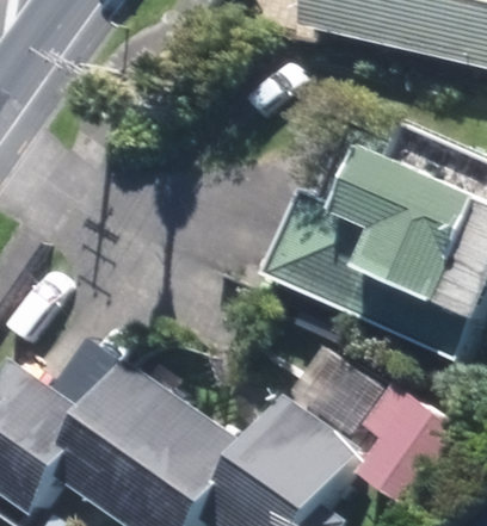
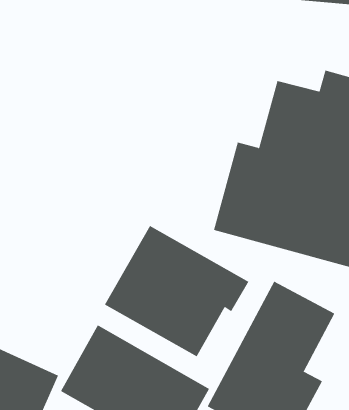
building: none -> [104,225,249,357]

